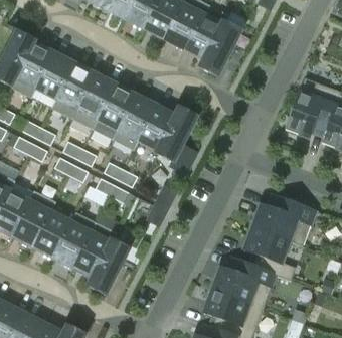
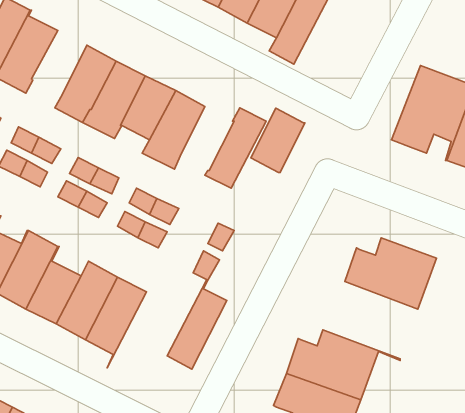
building: [36,53,74,98] -> none
building: [139,106,176,150] -> [251,108,305,172]
building: [237,226,303,280] -> none
building: [89,233,130,295] -> [167,280,227,369]

